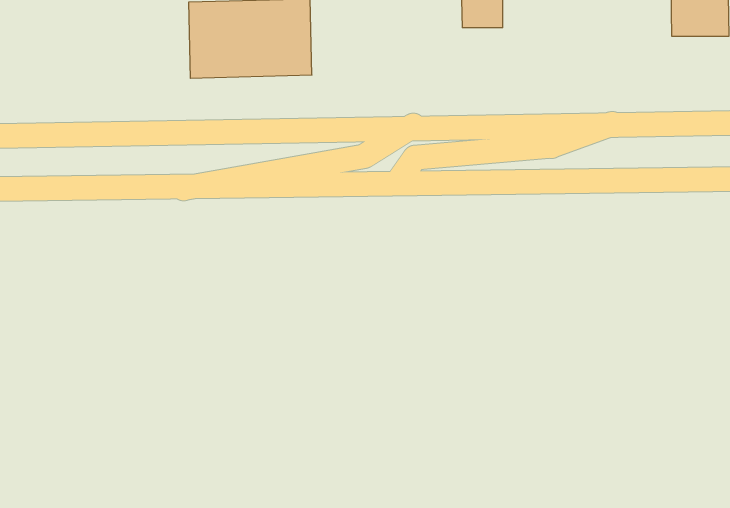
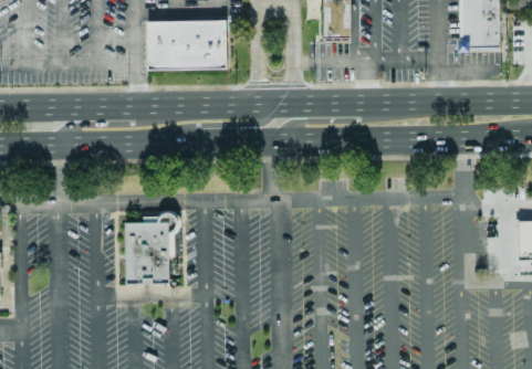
building: none -> [125,213,178,285]

